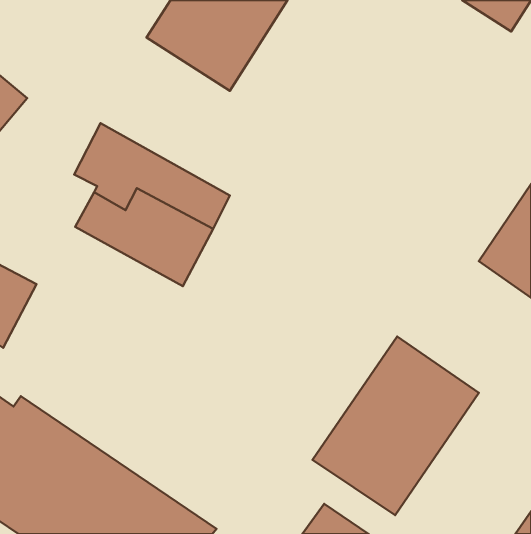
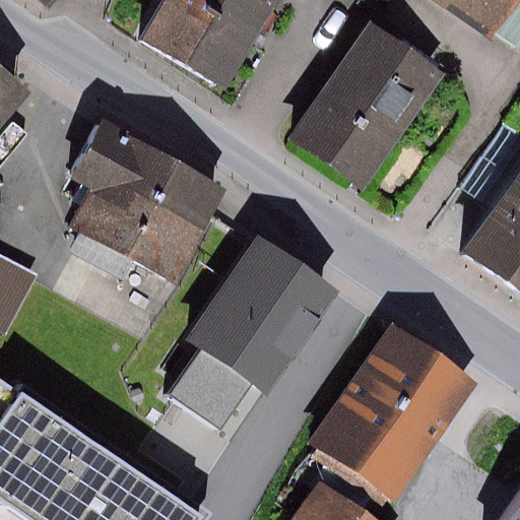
building: none -> [294,24,445,184]
building: none -> [166,238,337,432]

